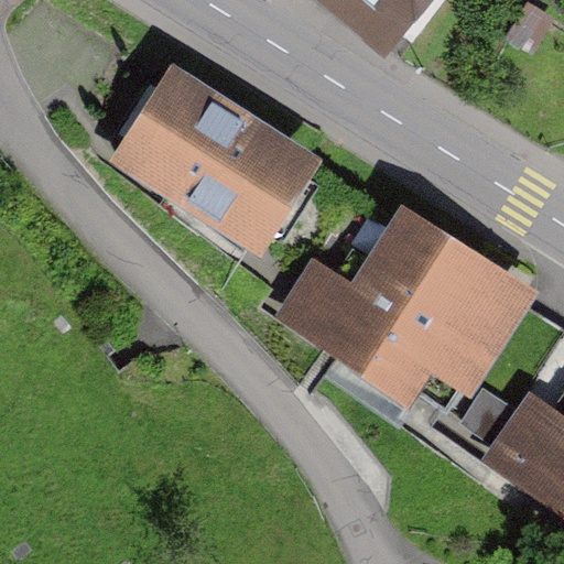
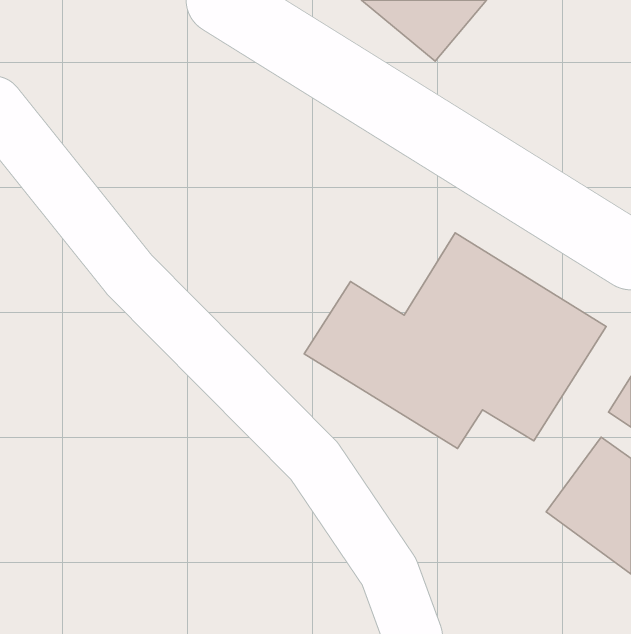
building: [110,65,325,258] -> none

